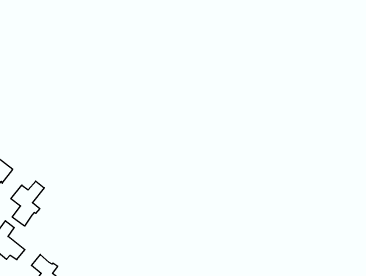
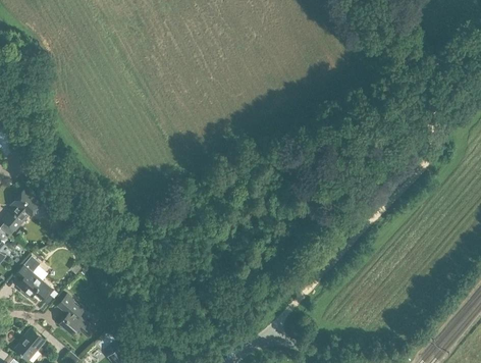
building: [11,181,44,226] -> none

